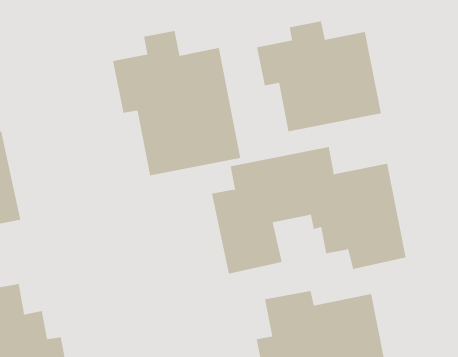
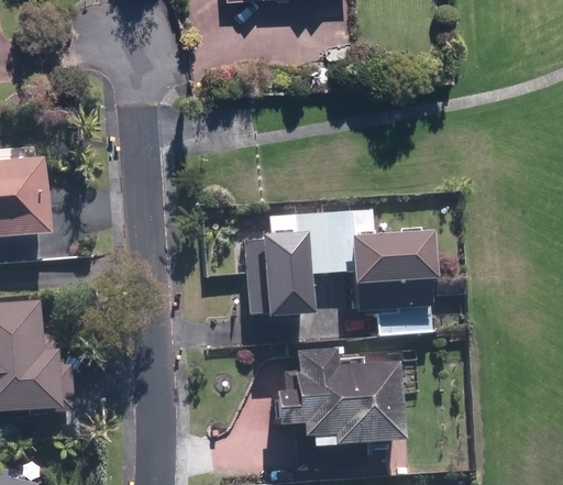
building: [256,21,381,132] -> none
building: [112,30,241,176] -> none

